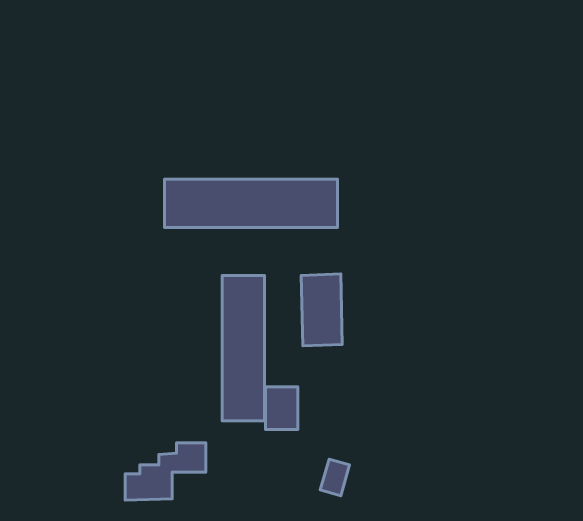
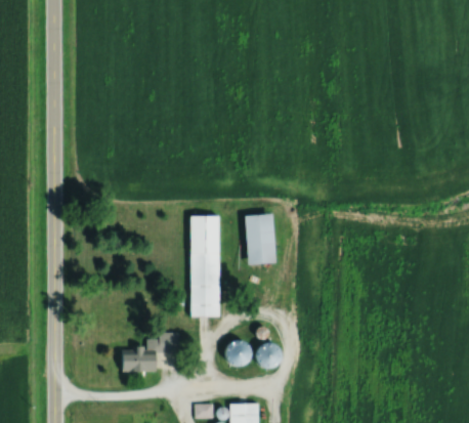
building: [165,179,338,227] -> none
building: [266,387,298,430] -> [229,340,252,370]

